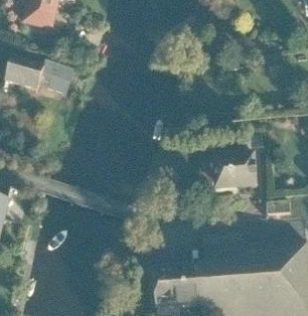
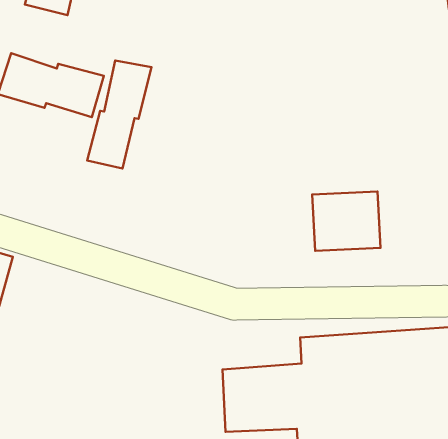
building: none -> [87,60,151,168]

